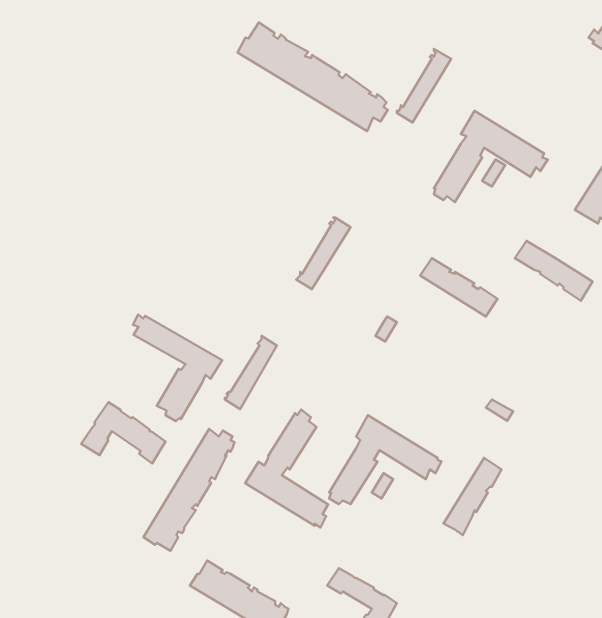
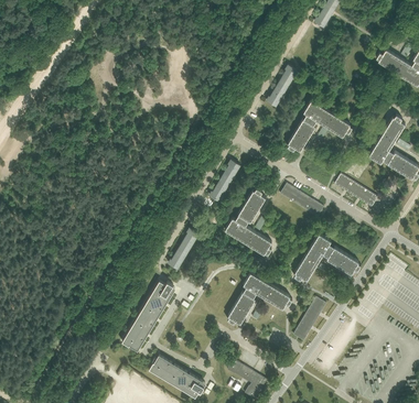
building: [237,23,388,131] -> none
building: [133,314,222,421] -> none
building: none -> [294,233,361,281]
building: [81,402,165,463] -> none
building: [245,409,328,528] -> [225,188,272,255]

